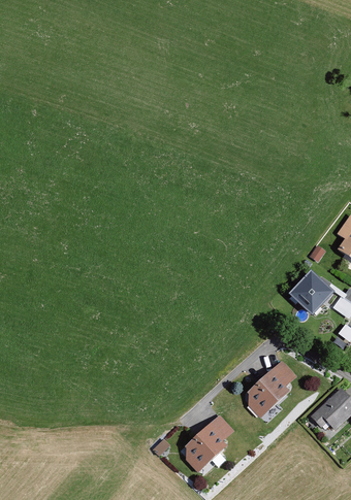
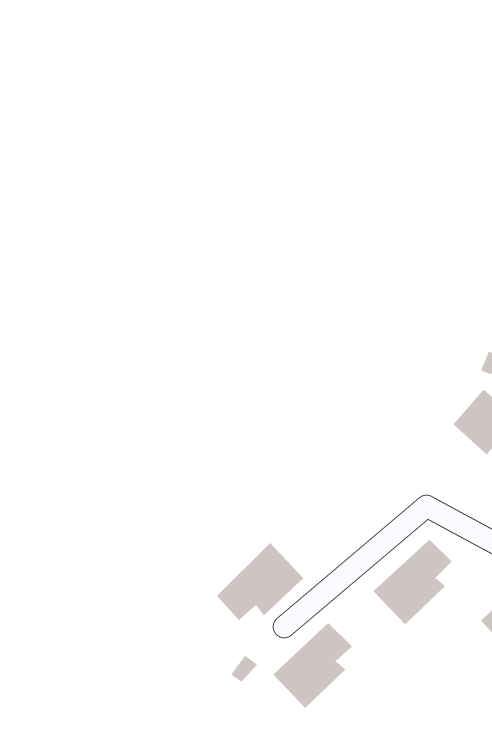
building: none -> [216,542,304,621]

